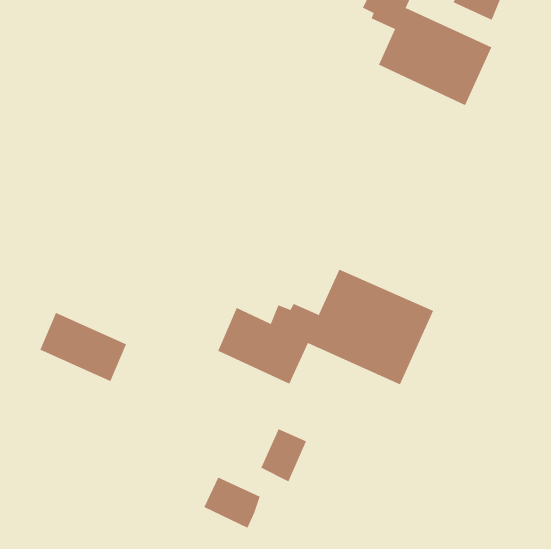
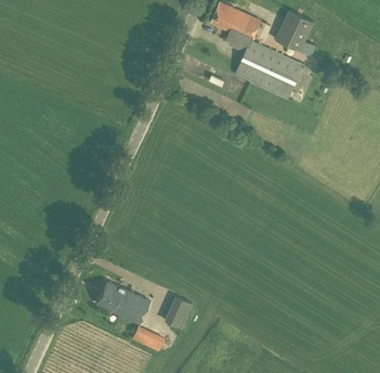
building: [217,269,434,385] -> none
building: [39,312,127,382] -> [96,281,149,323]

